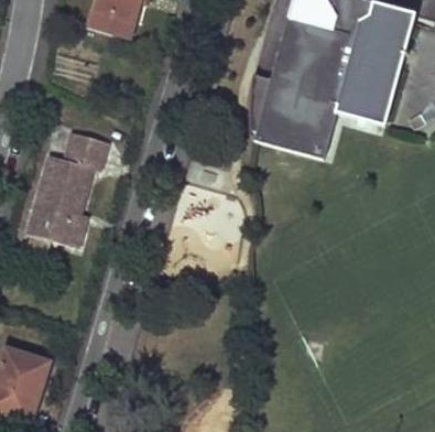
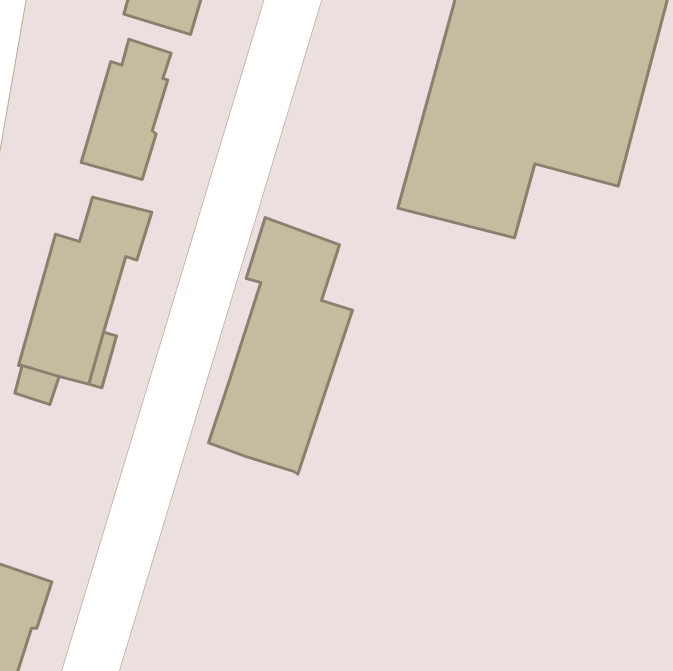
building: none -> [81,39,171,180]
building: none -> [209,218,353,474]

